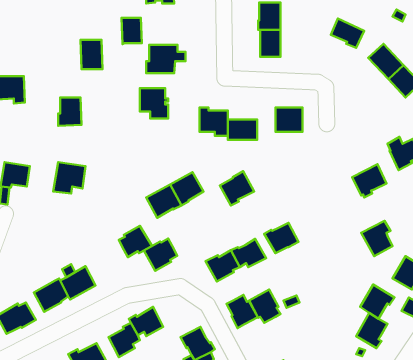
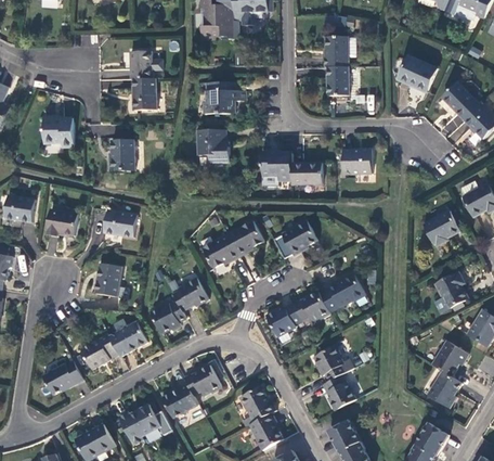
building: [122,18,142,44] -> [129,50,151,78]
building: none -> [96,262,123,296]
building: [144,238,177,271] -> [151,298,186,333]
building: [226,295,258,328] -> [323,374,356,410]

